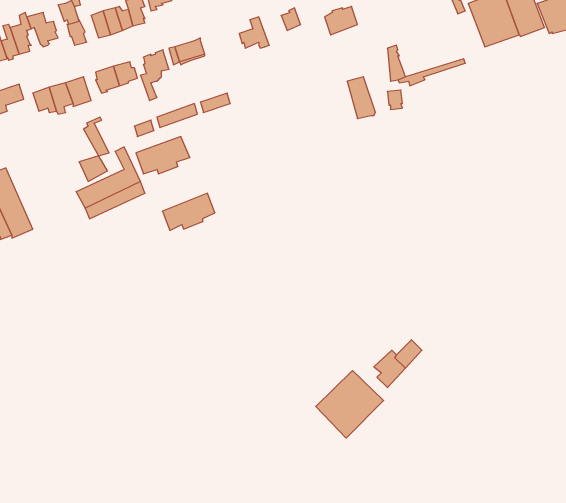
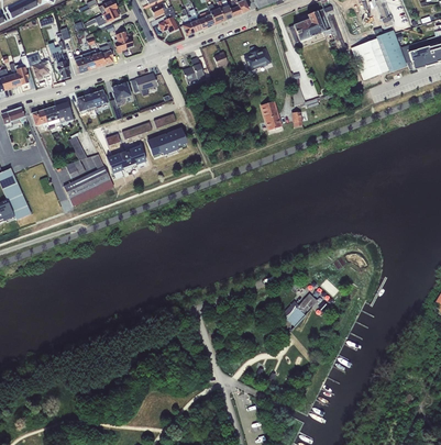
building: [162,193,215,231] -> [147,126,186,154]
building: [316,371,384,438] -> none

